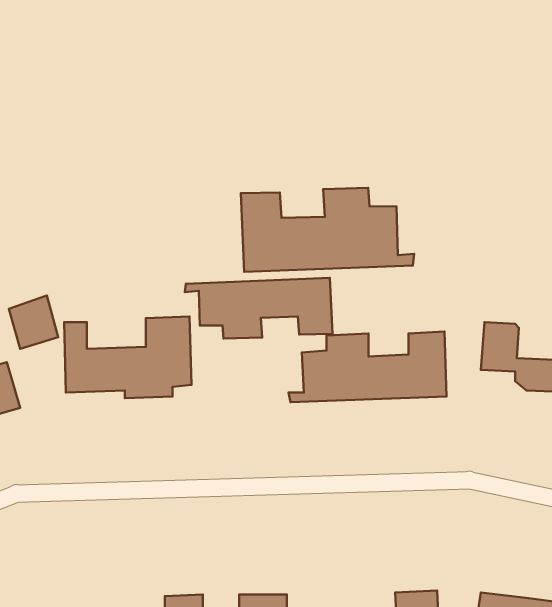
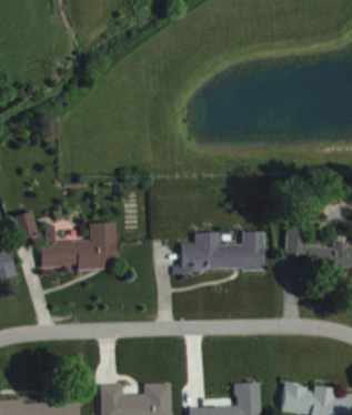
building: [241,188,414,272] -> none
building: [185,278,333,339] -> none

